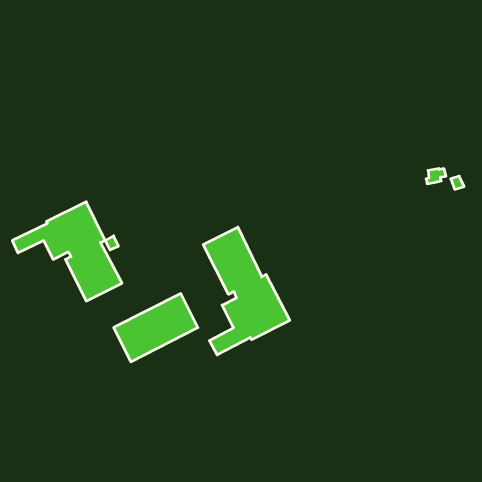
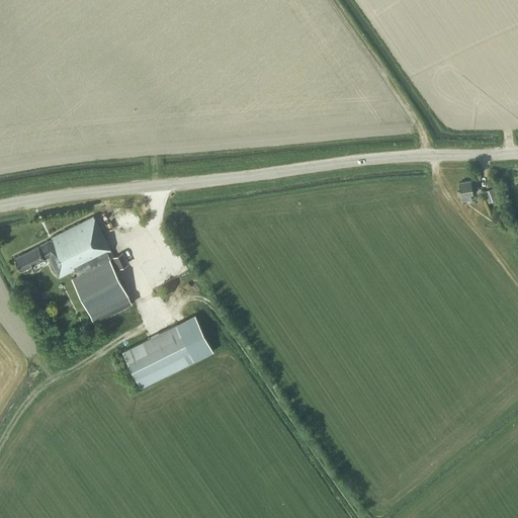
building: [203,227,290,355] -> none

